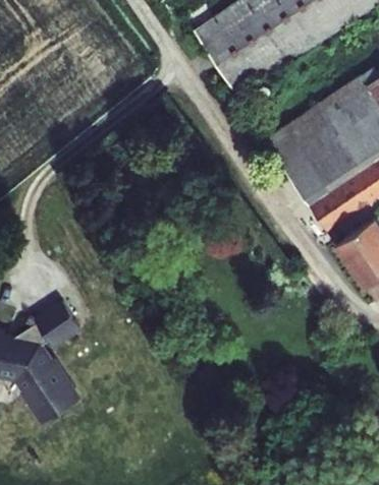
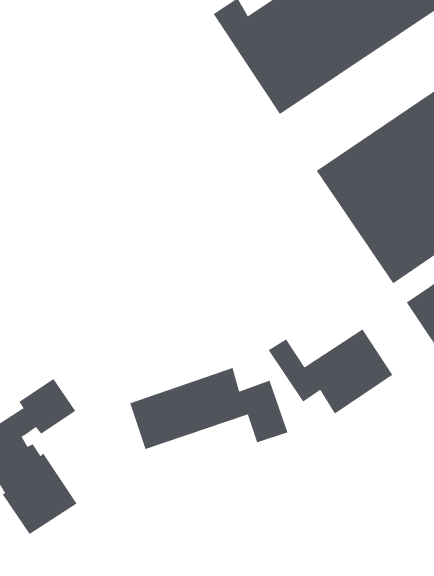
building: none -> [268,329,393,414]
building: none -> [129,367,288,450]

